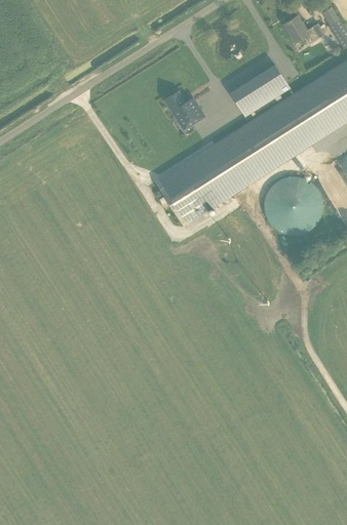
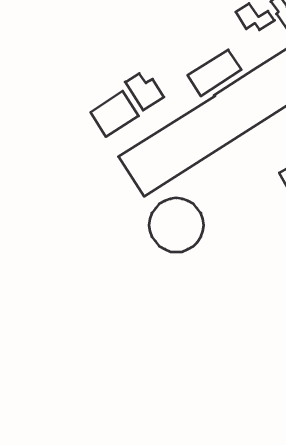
building: none -> [91,91,139,137]
building: [264,176,323,235] -> [149,198,204,252]

